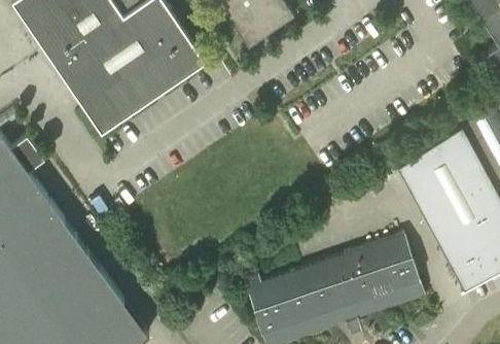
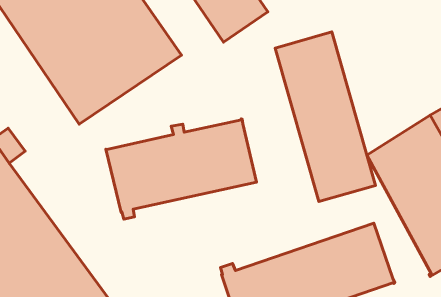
building: none -> [275,32,375,201]
building: none -> [106,119,256,219]

